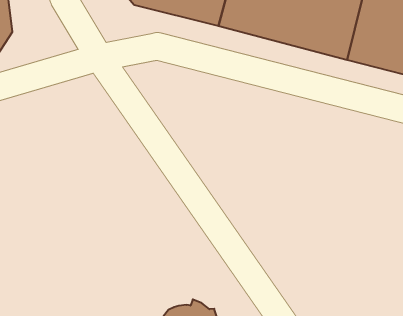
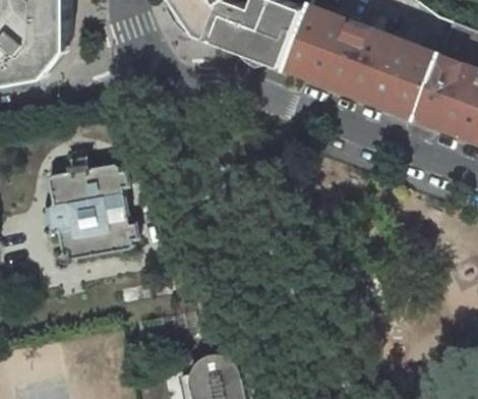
building: none -> [40,165,132,263]

